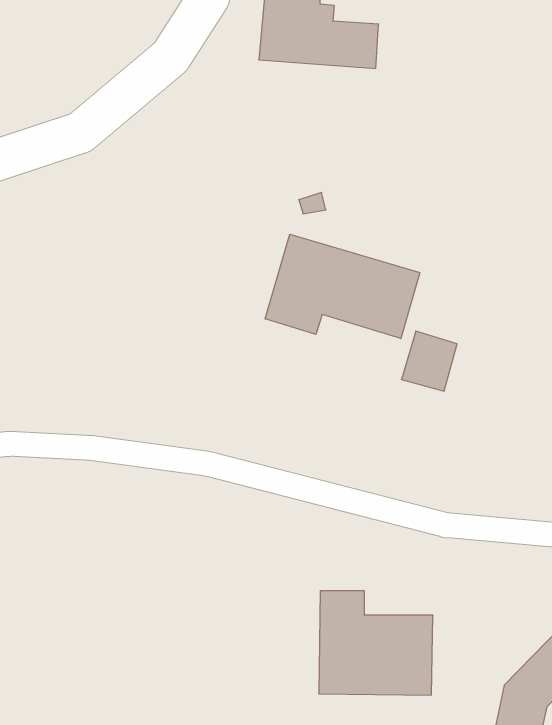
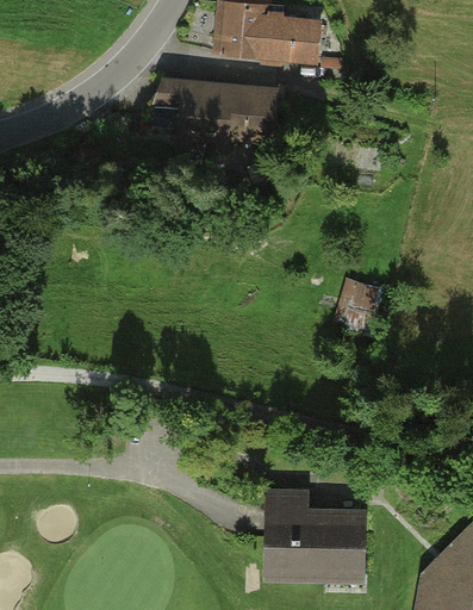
building: none -> [144,81,275,149]
building: [265,234,420,339] -> none

